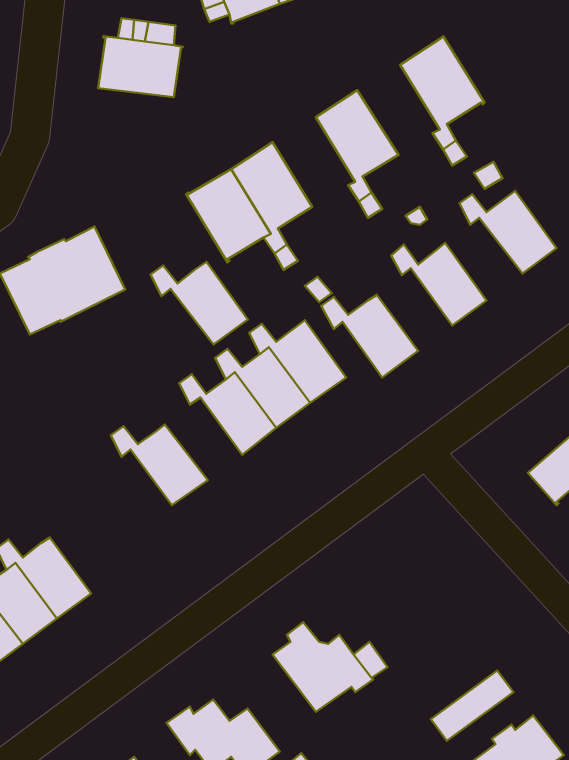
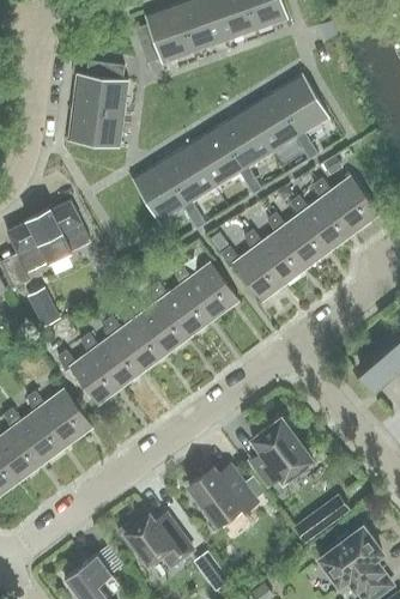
building: none -> [244,92,299,152]
building: none -> [66,108,122,149]
building: none -> [188,127,243,187]
building: none -> [290,194,354,249]
building: [151,262,248,345] -> [103,314,168,369]
building: none -> [243,228,308,283]
building: none -> [26,286,60,327]
building: none -> [57,349,121,404]
building: none -> [26,389,91,444]
building: none -> [249,417,311,484]

